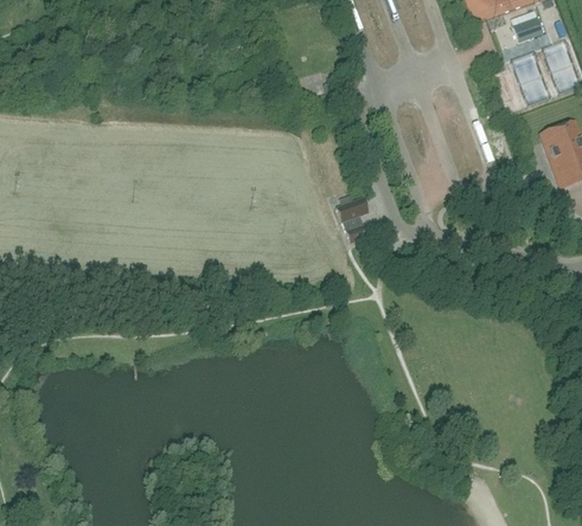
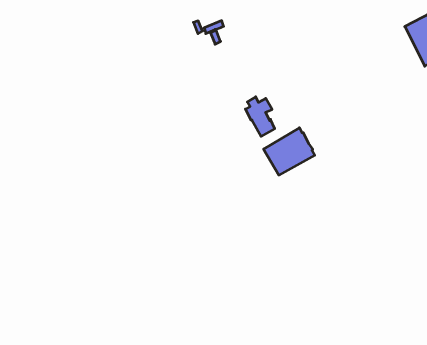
building: none -> [264,128,315,175]

